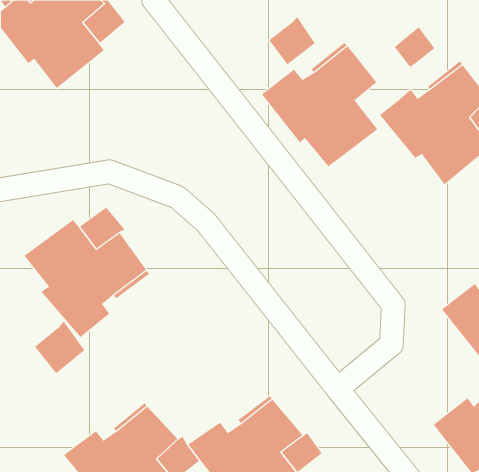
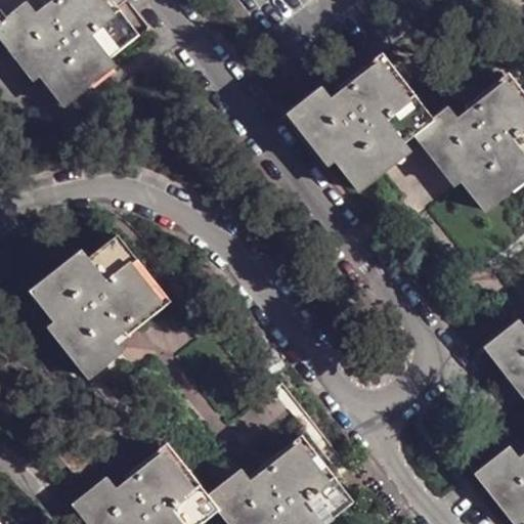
building: [269,16,316,65] -> none
building: [394,26,435,68] -> [389,97,434,142]
building: [34,321,85,374] -> none

